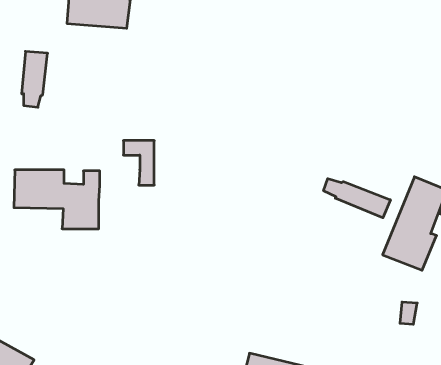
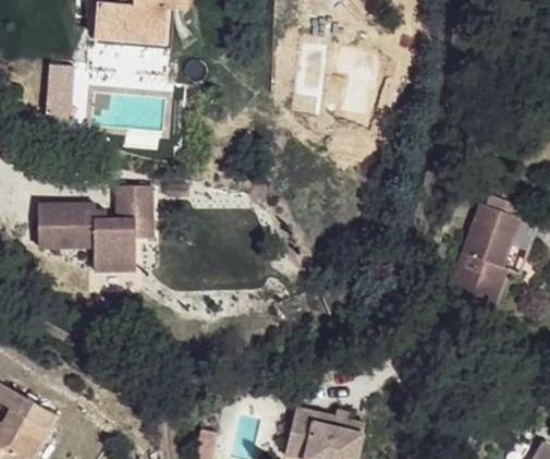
building: [123,141,154,185] -> [111,183,146,233]
building: [324,179,390,218] -> none

